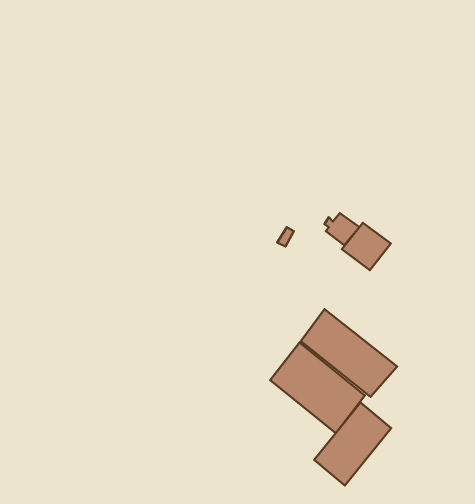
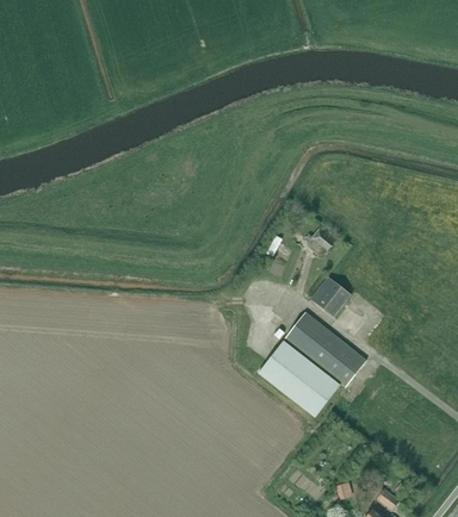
building: [342,223,391,270] -> [309,275,351,316]
building: [314,402,391,486] -> none

